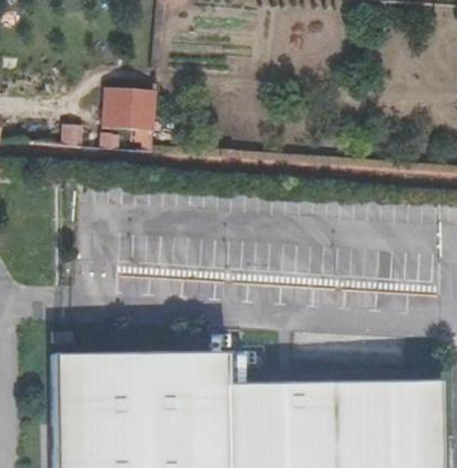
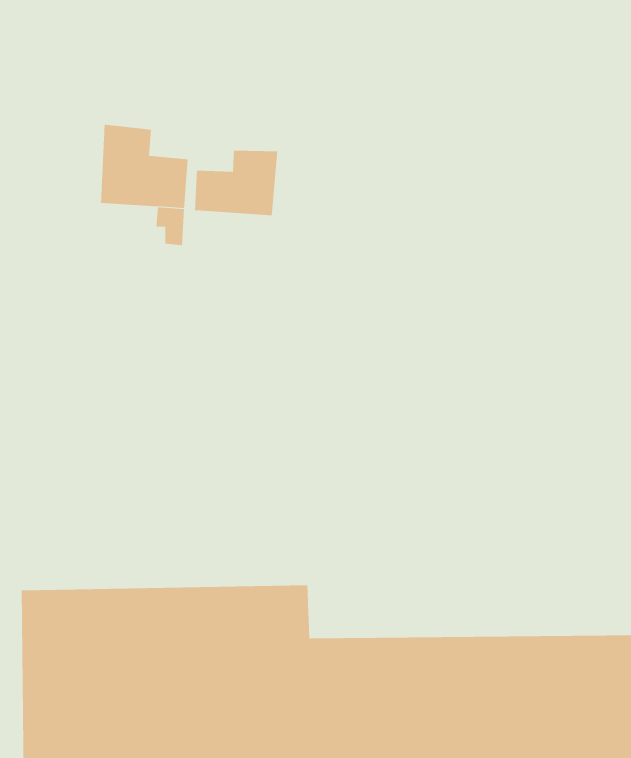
building: none -> [194,150,278,216]

